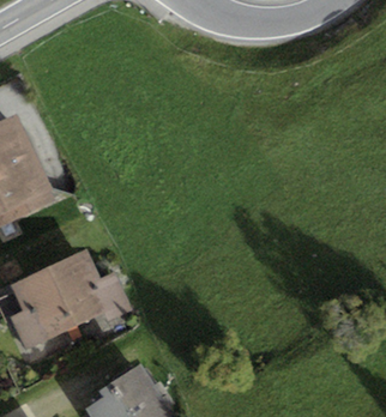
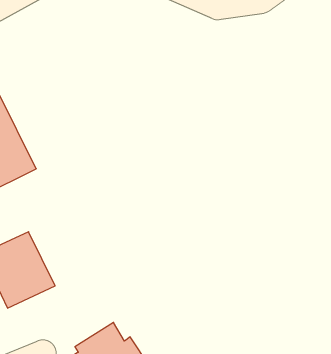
building: [48,248,131,325] -> none

